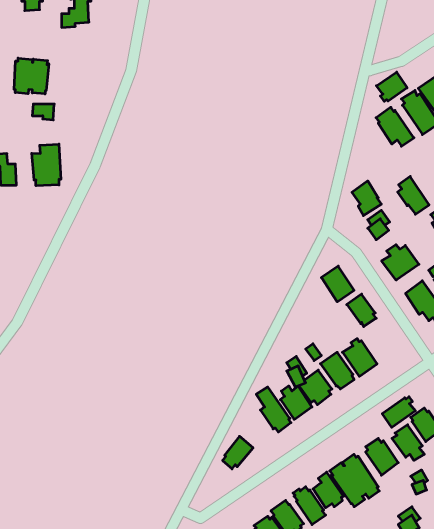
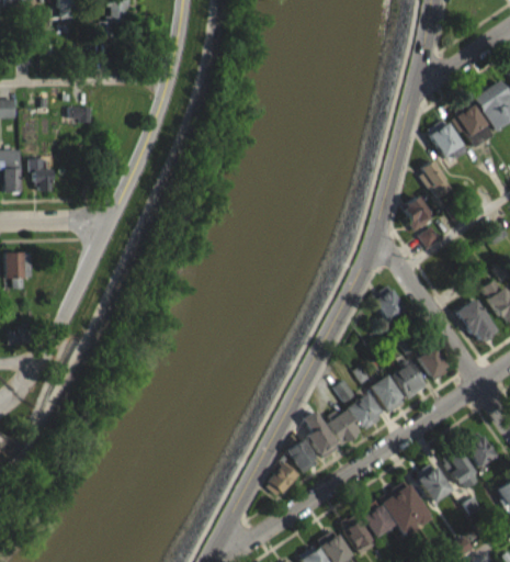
building: [14,58,49,94] -> none
building: [376,72,407,101] -> none
building: [32,144,61,186] -> none
building: [398,176,429,214] -> [420,159,453,199]
building: [382,245,419,280] -> none
building: [347,294,376,327] -> [418,347,449,381]
building: [382,397,415,427] -> none
building: none -> [287,439,318,472]

